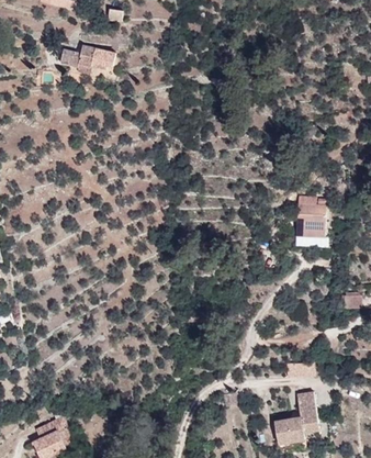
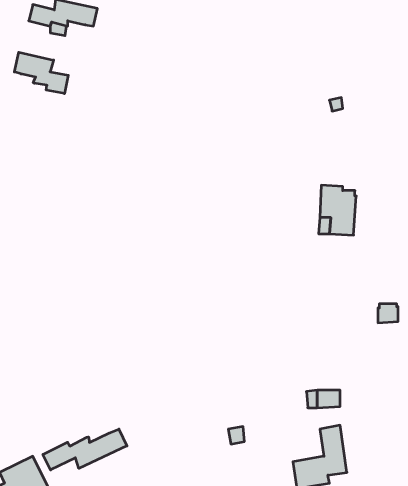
building: none -> [14,52,68,94]
building: none -> [43,429,127,470]

